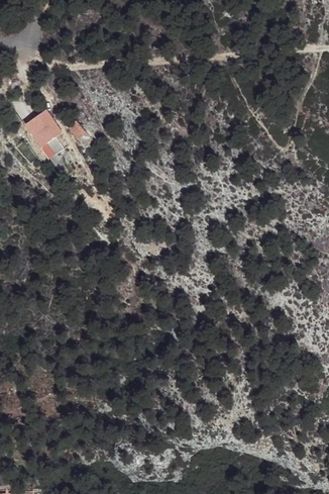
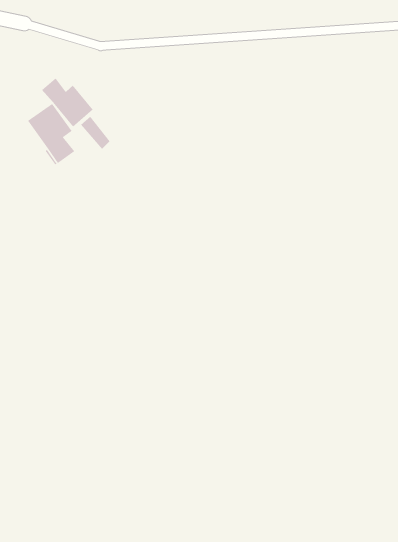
building: none -> [41,77,94,127]

